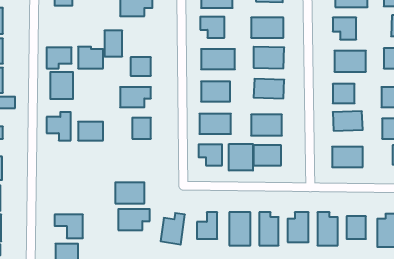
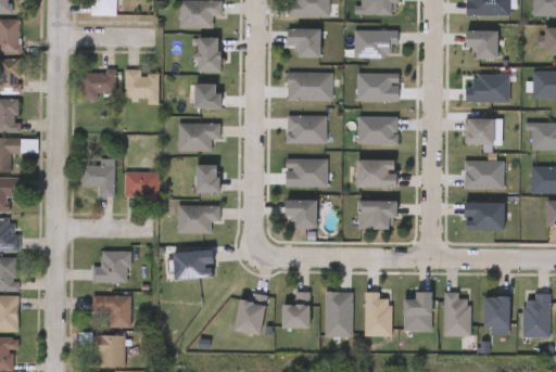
building: [104,31,122,56] -> [197,38,220,73]
building: [50,72,73,99] -> none
building: [229,144,253,171] -> none
building: none -> [92,249,129,282]
building: [118,209,150,230] -> [178,205,220,233]

